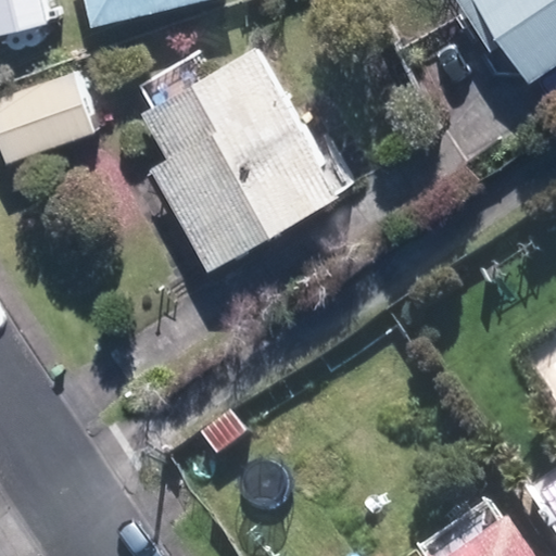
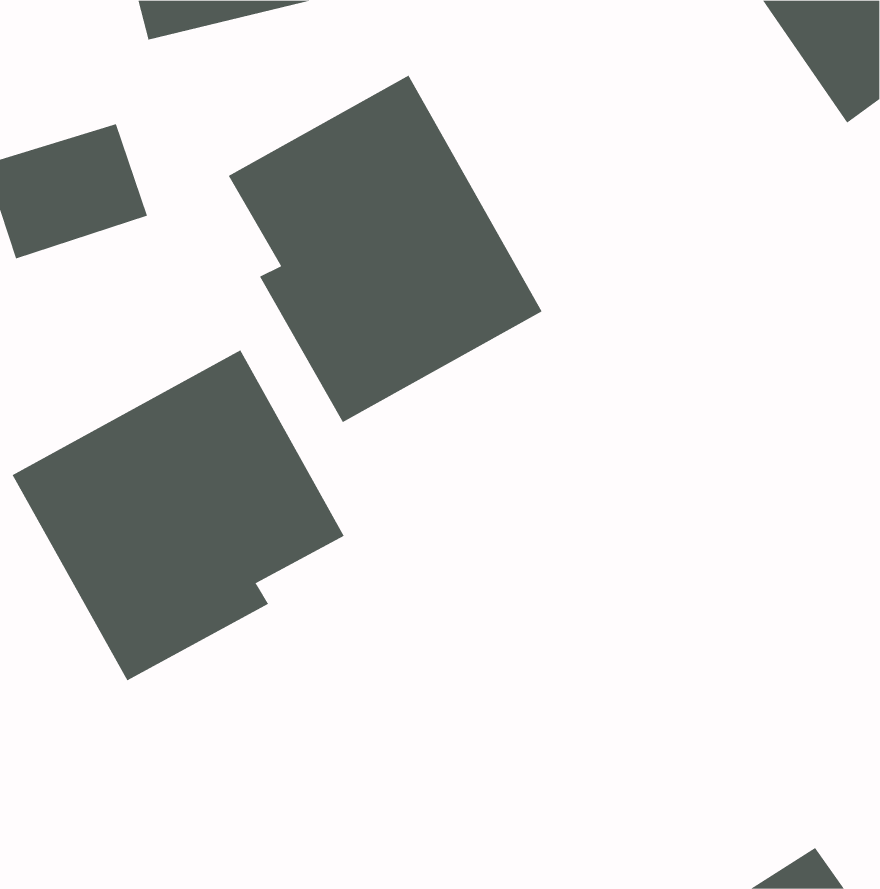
building: none -> [12,350,345,681]

